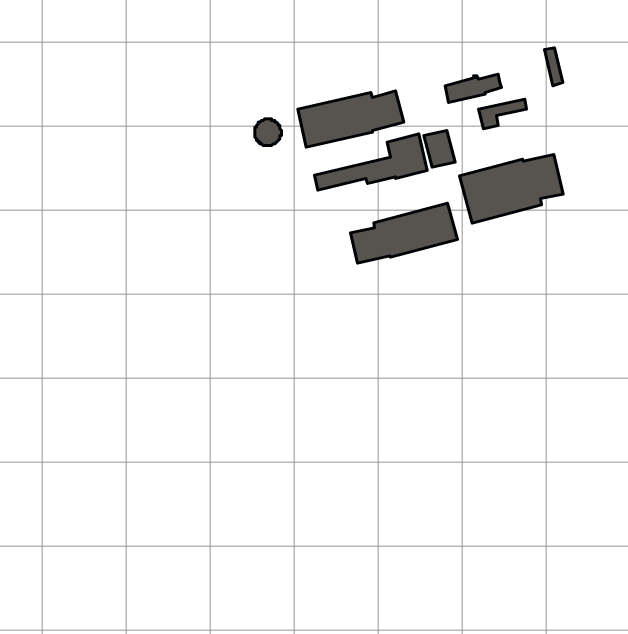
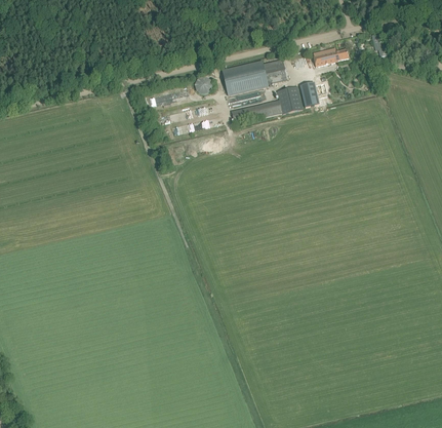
building: [459,154,563,223] -> none
building: [351,203,458,263] -> none

